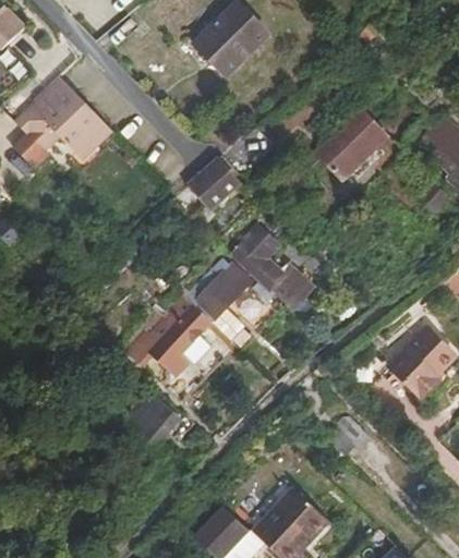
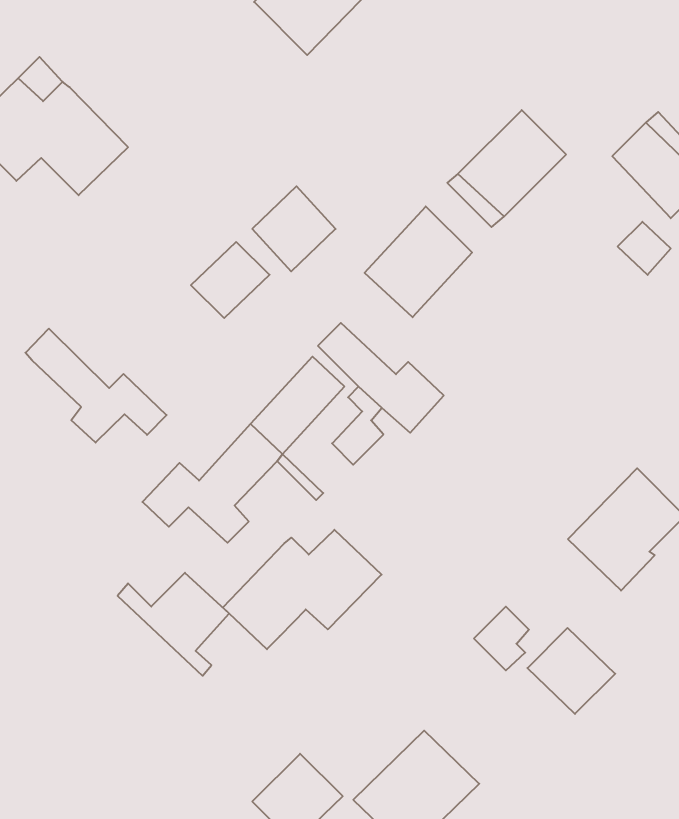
building: none -> [365,206,472,317]
building: none -> [191,242,270,318]
building: none -> [25,329,167,443]
building: none -> [223,530,382,649]
building: none -> [527,628,615,714]

